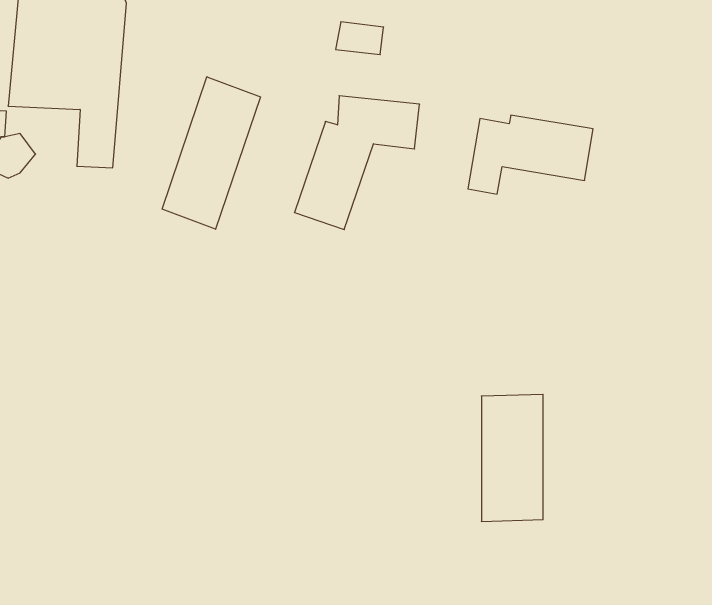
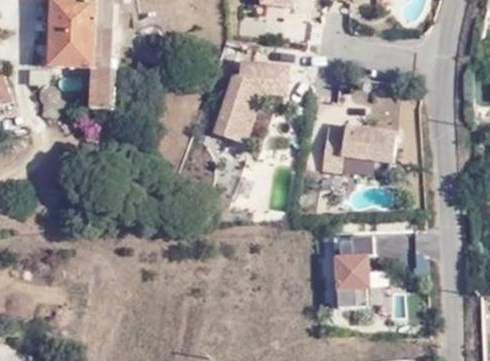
building: [162,77,260,229] -> none
building: [468,115,593,194] -> [324,123,397,169]

